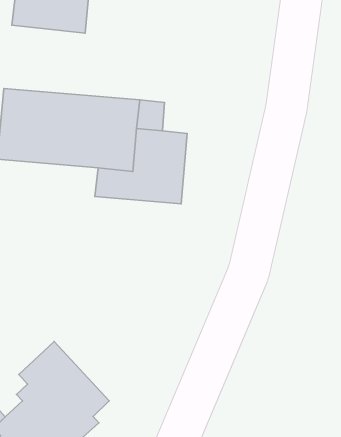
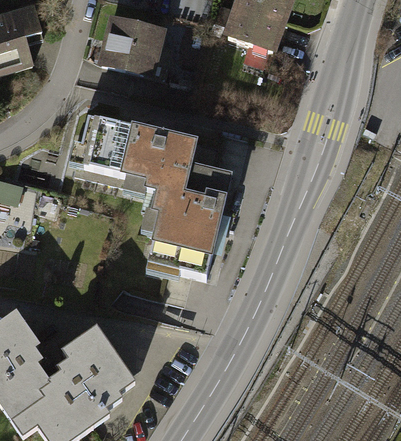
building: none -> [141,212,215,273]

